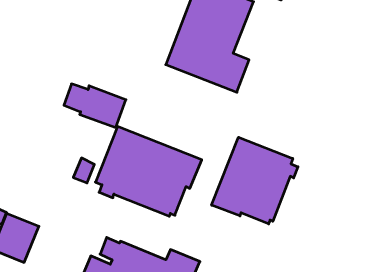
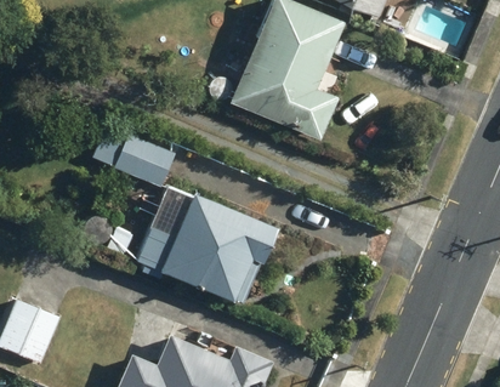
building: [212,137,298,224] -> none

